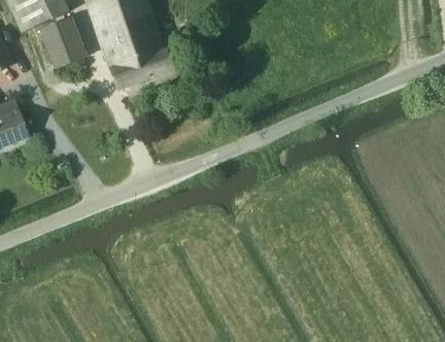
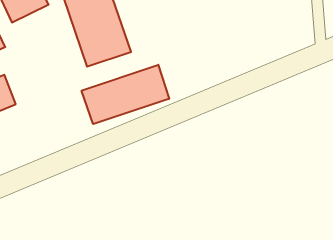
building: [39,16,87,67] -> none
building: none -> [82,65,169,124]

